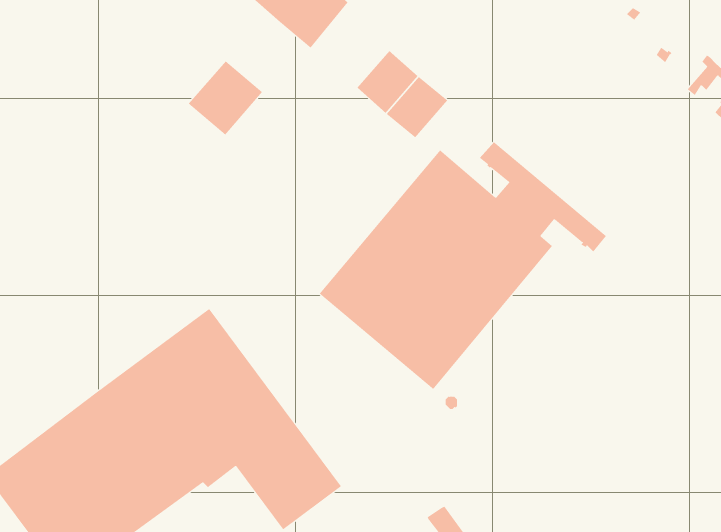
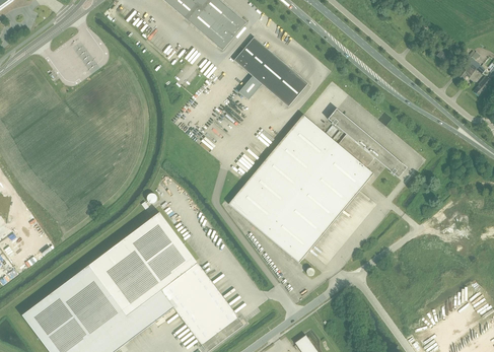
building: none -> [233,37,271,75]
building: [188,61,263,135] -> none

